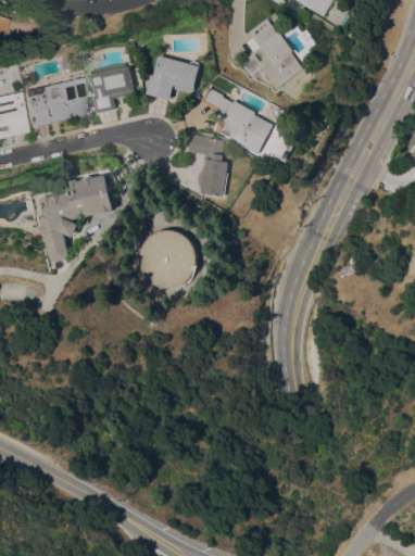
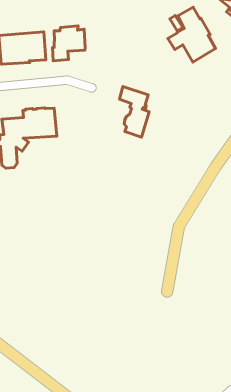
building: [147,54,202,100] -> none
building: [202,87,276,154] -> none
building: [140,228,196,285] -> none

